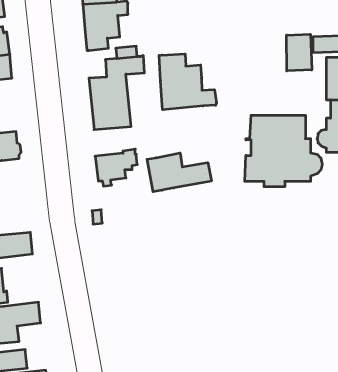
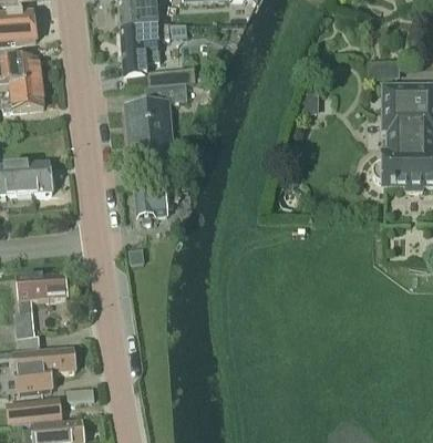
building: [287,34,312,71] -> none
building: [159,54,216,110] -> none
building: [245,115,322,187] -> none
building: [147,153,211,192] -> none

